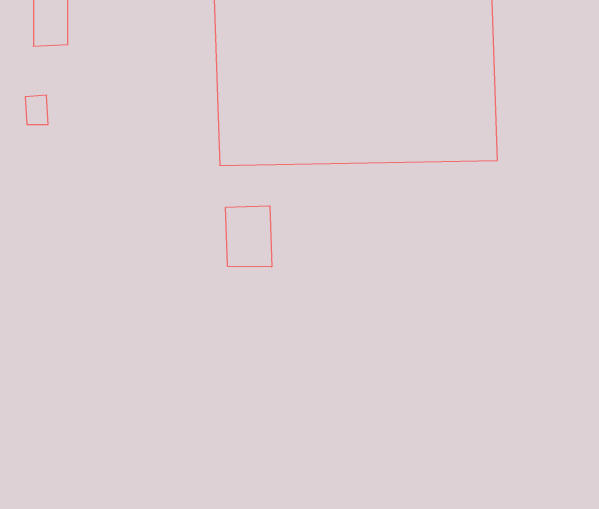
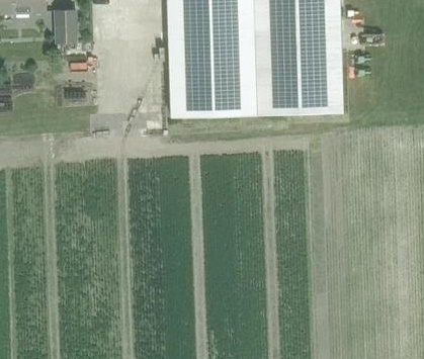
building: [226,206,272,267] -> none

